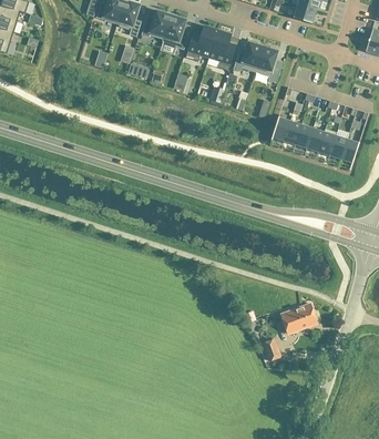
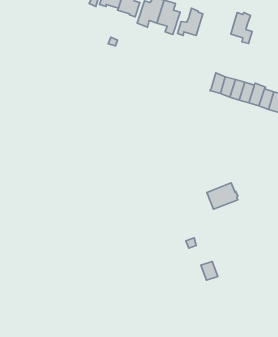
building: [255,45,280,82] -> [231,13,252,44]
building: [279,303,316,334] -> [207,183,238,209]

